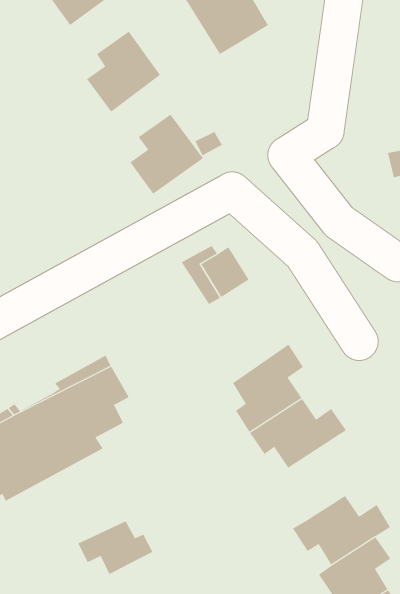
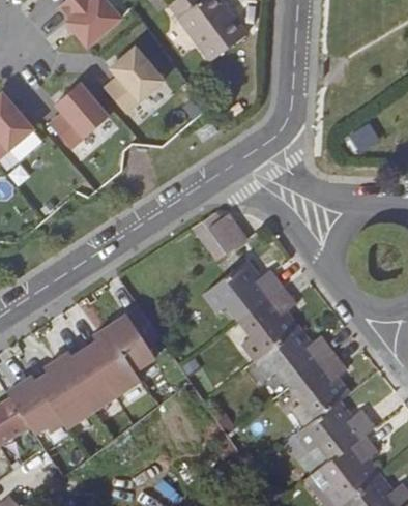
building: [129,114,204,194] -> [49,84,108,149]
building: none -> [204,263,282,322]
building: none -> [289,352,348,426]
building: [77,521,153,575] -> none

